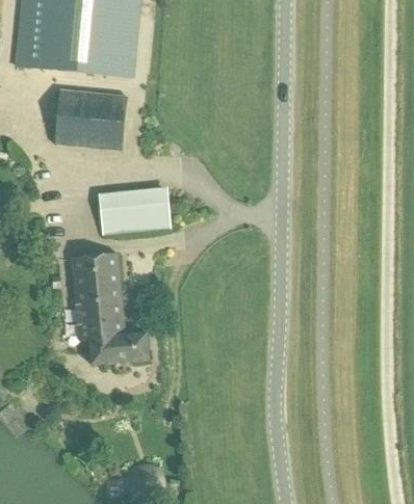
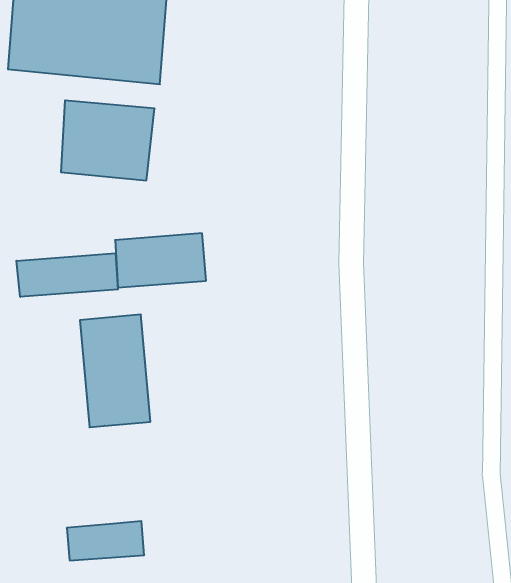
building: none -> [16,253,118,297]
building: [89,333,149,363] -> [67,521,144,560]

